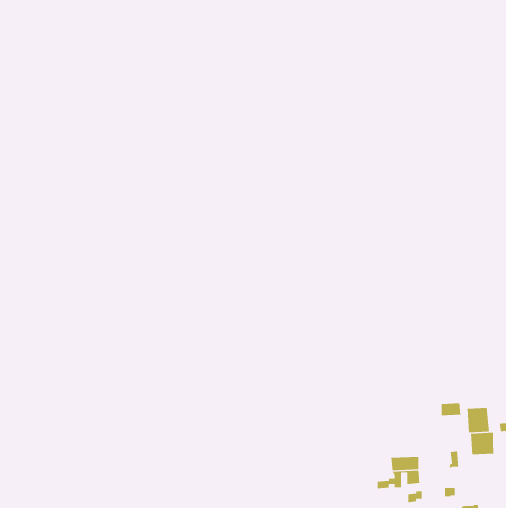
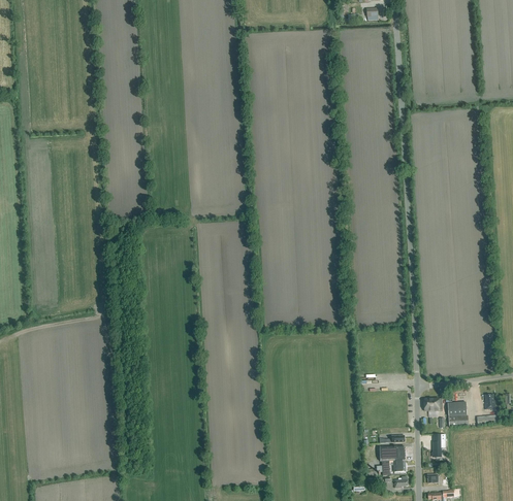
building: [470,432,494,455] -> none

